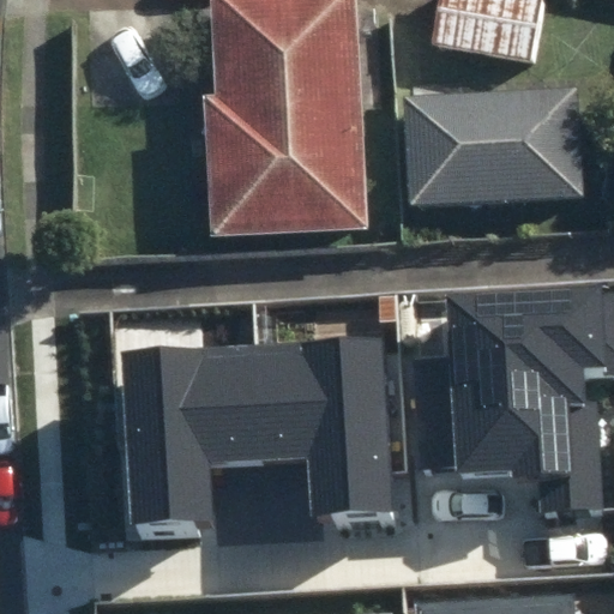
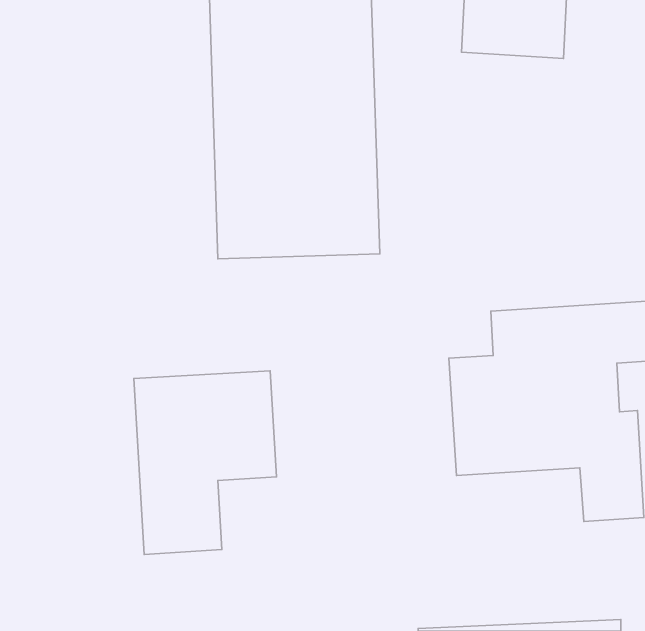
building: [398,89,580,204] -> none
building: [260,342,405,512] -> none

